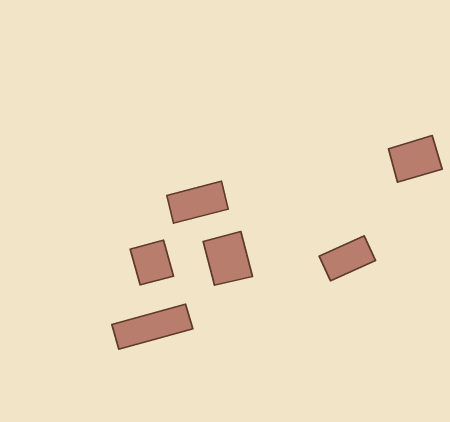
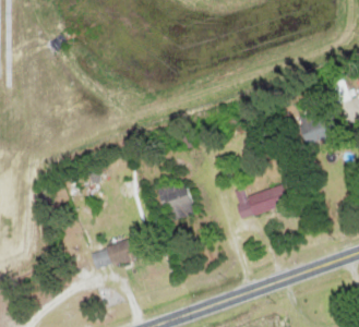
building: [167,181,228,223] -> none
building: [130,240,173,285] -> none

